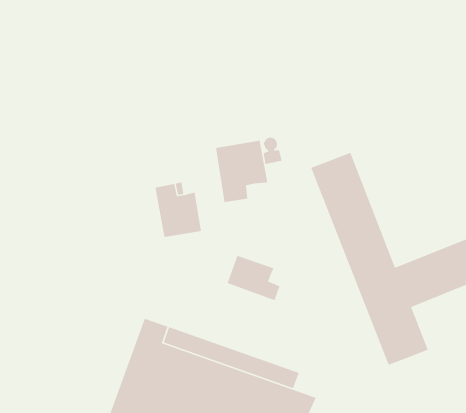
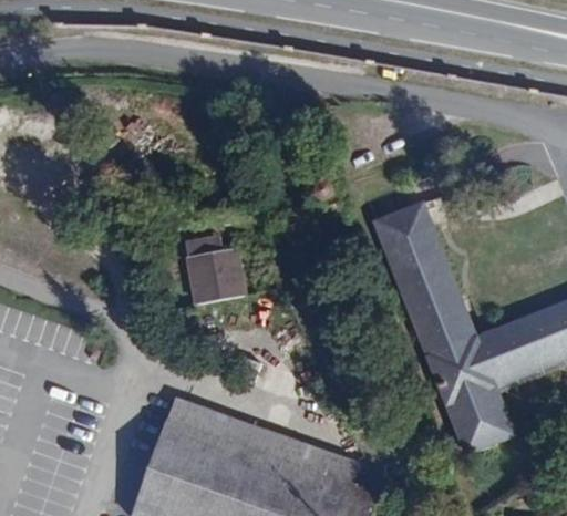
building: [215,140,268,203] -> none
building: [227,255,281,301] -> none

